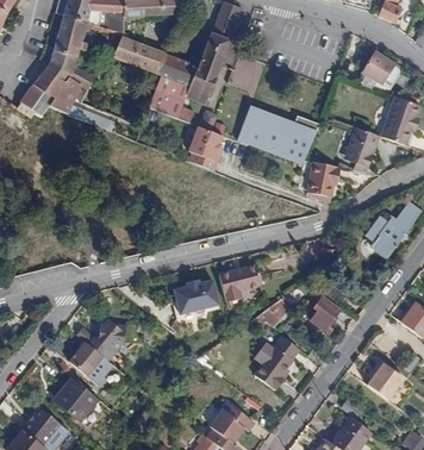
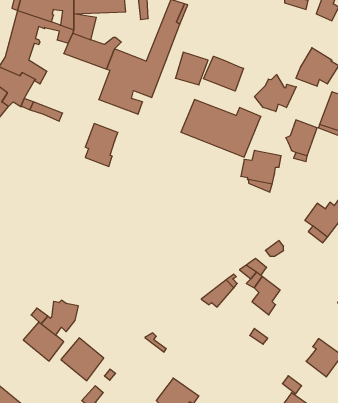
building: none -> [204,56,243,91]
building: none -> [255,75,296,112]
building: [188,125,223,170] -> [85,124,118,166]
building: [220,265,262,301] -> none
building: [174,279,218,312] -> none
building: [254,336,300,388] -> none
building: [52,376,98,421] -> [61,338,104,381]

